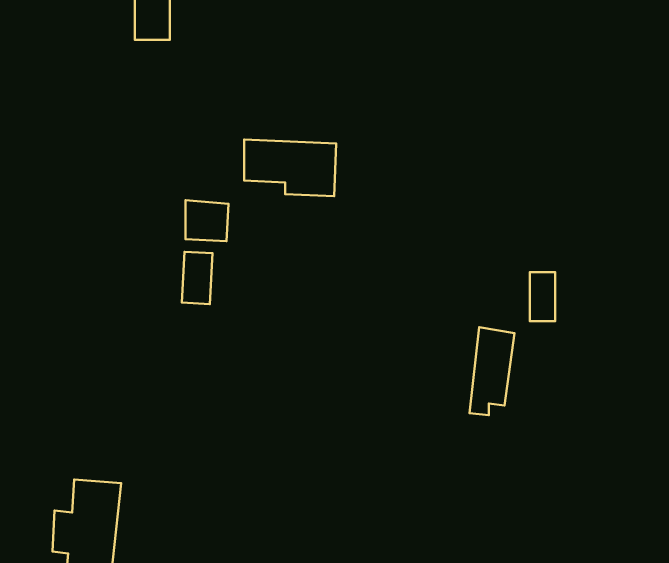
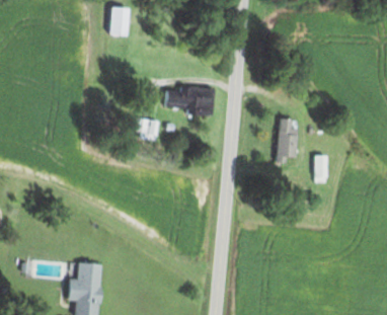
building: [182,252,213,304] -> none
building: [469,327,514,415] -> [276,119,299,164]

